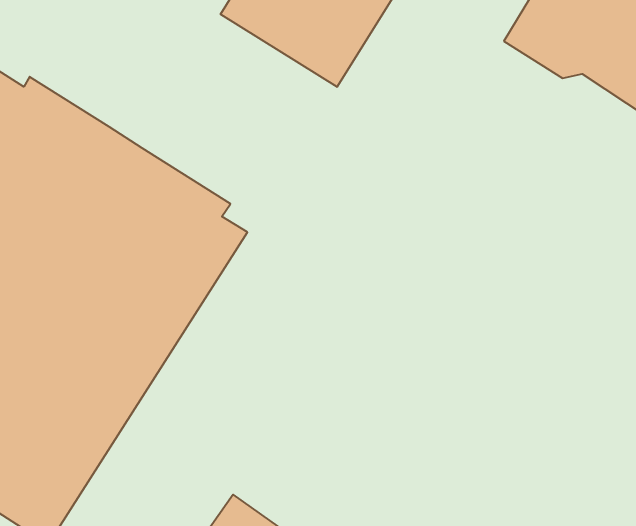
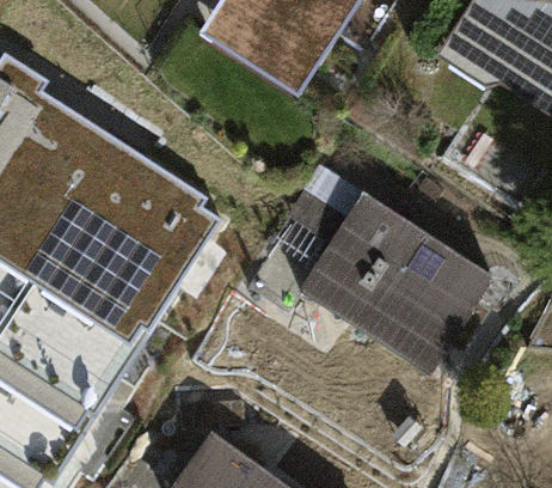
building: none -> [302,193,497,372]

